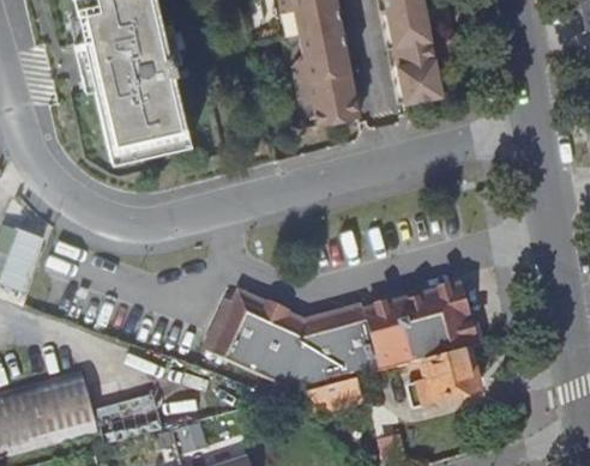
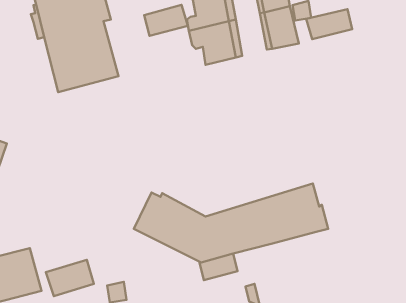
building: none -> [144,5,188,36]
building: none -> [306,9,352,39]
building: [404,351,475,404] -> none

